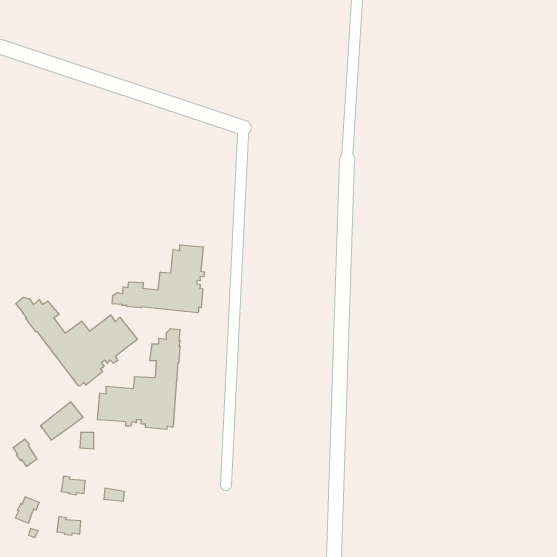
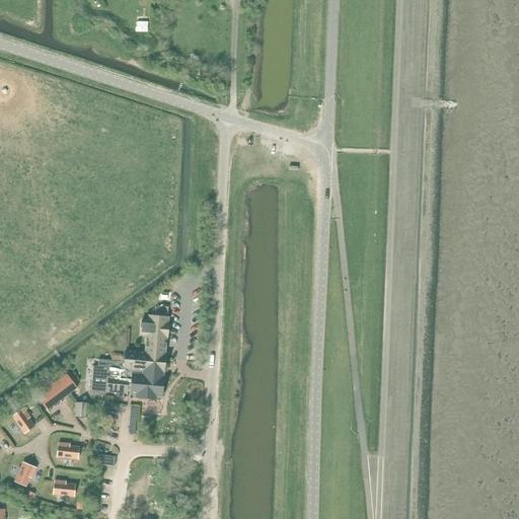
building: [112,245,205,313] -> none
building: [16,297,137,386] -> none

